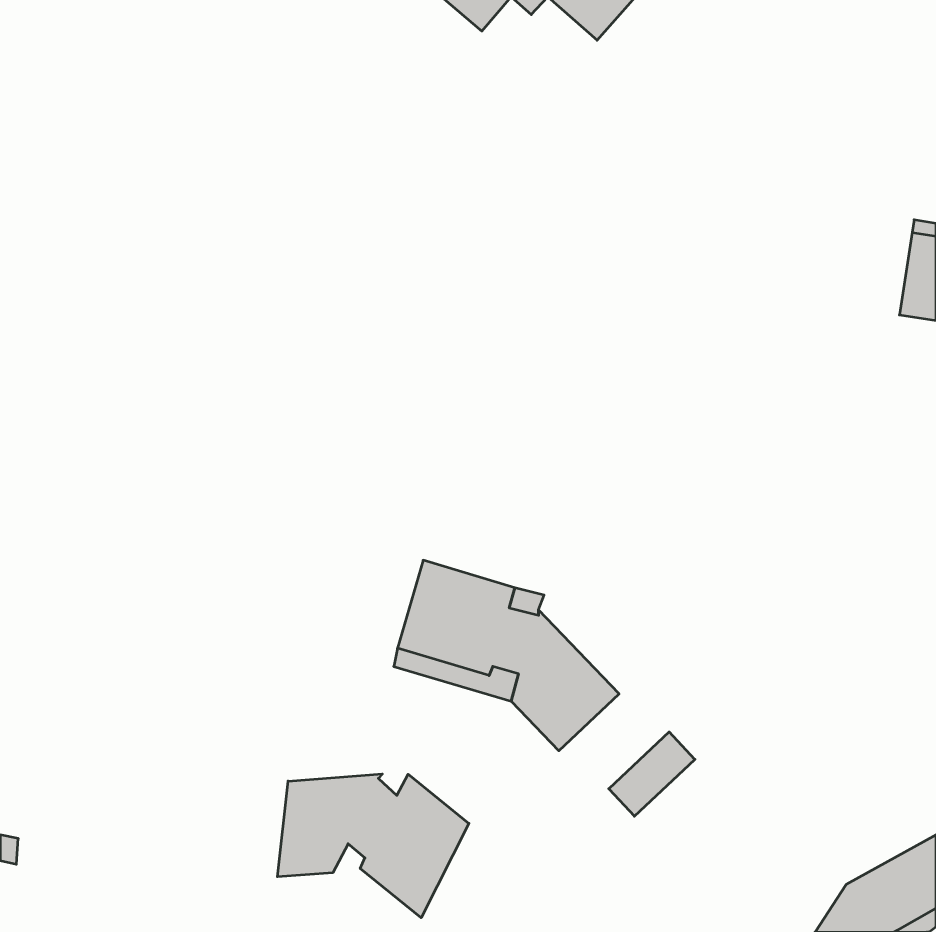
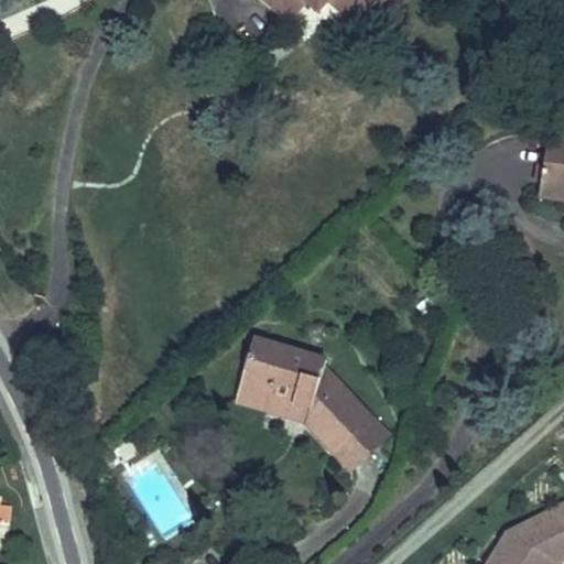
building: [609,732,695,816] -> [336,417,388,468]
building: [277,774,469,918] -> none

